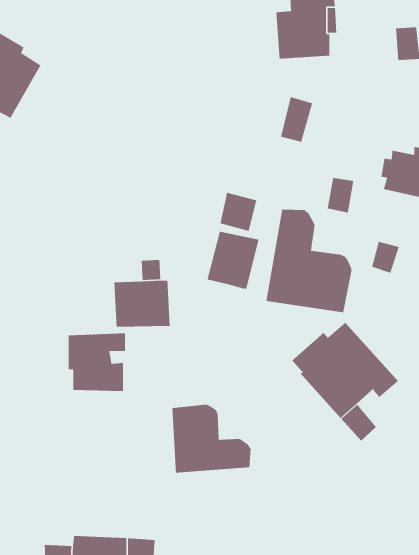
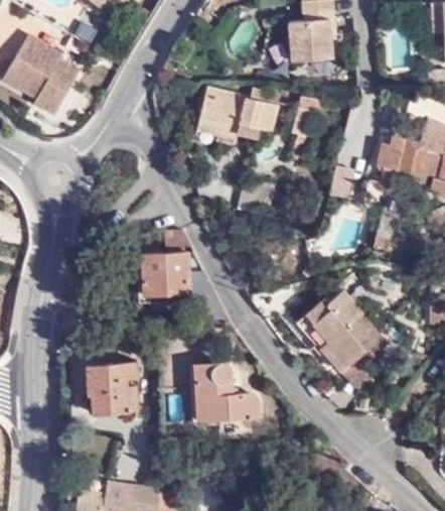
building: none -> [194,84,277,144]
building: [265,209,352,313] -> none
building: [207,231,259,290] -> none
building: [68,332,126,392] -> [87,363,138,415]

